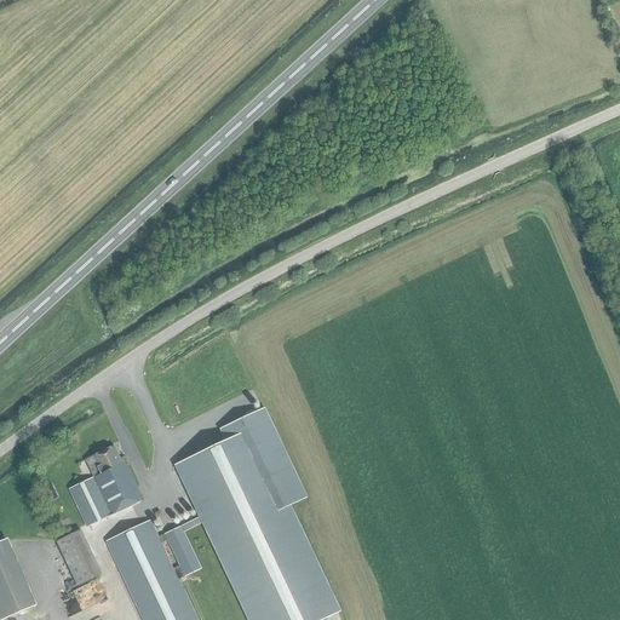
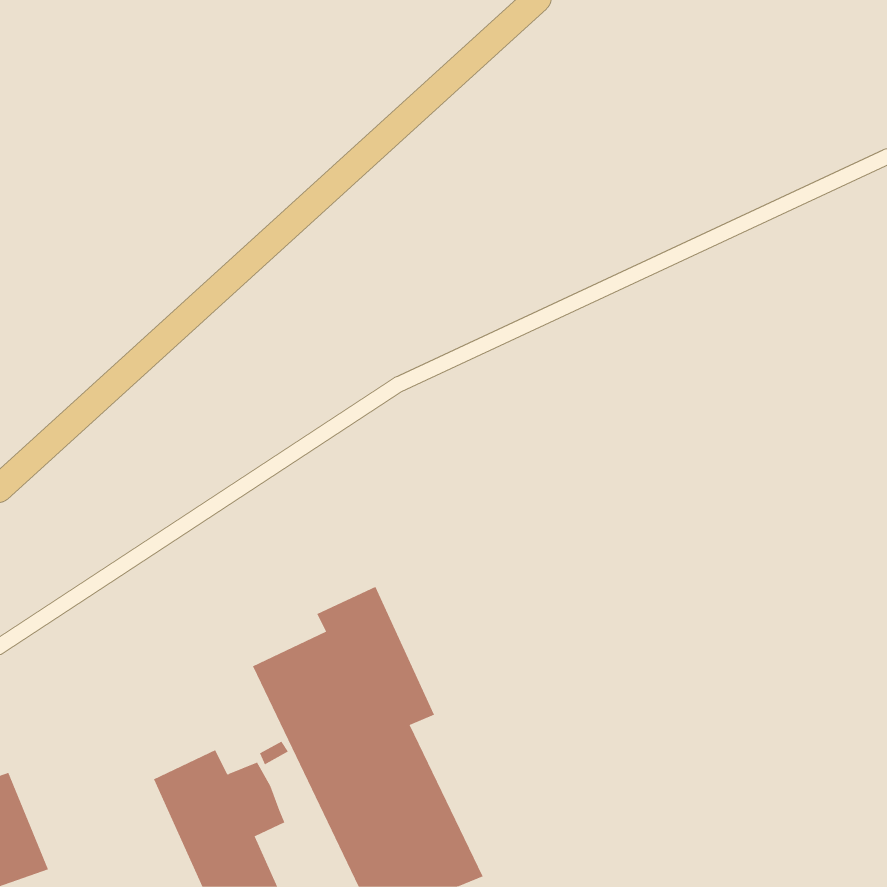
building: [69,448,143,527] -> none
building: [56,529,101,585] -> none

